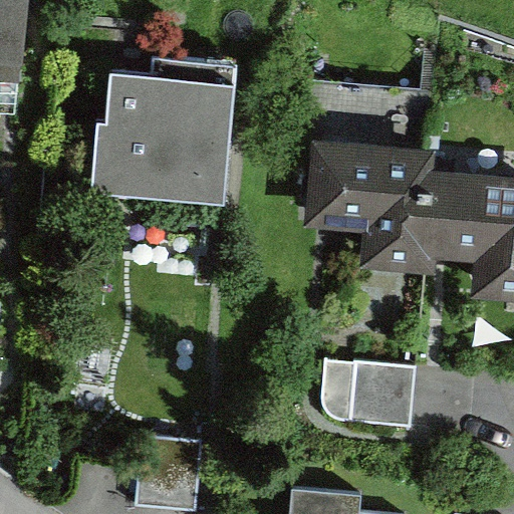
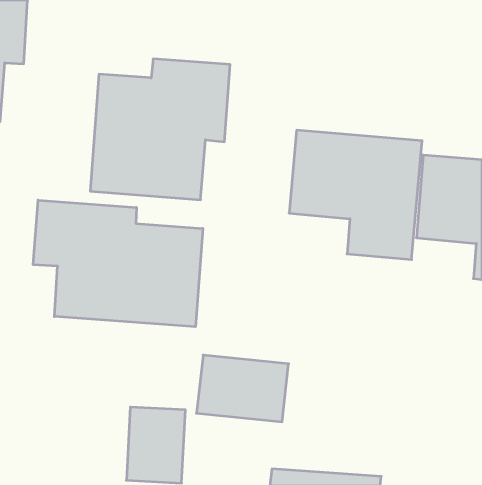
building: none -> [33,200,203,327]
building: [316,357,414,428] -> [196,355,289,422]

